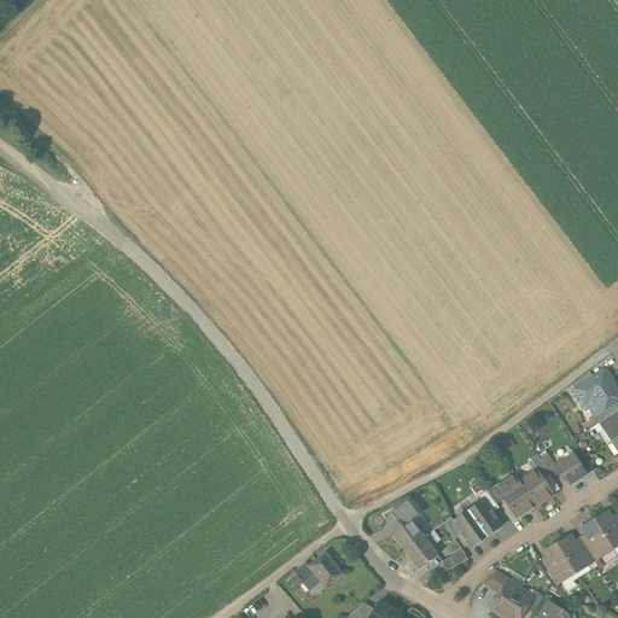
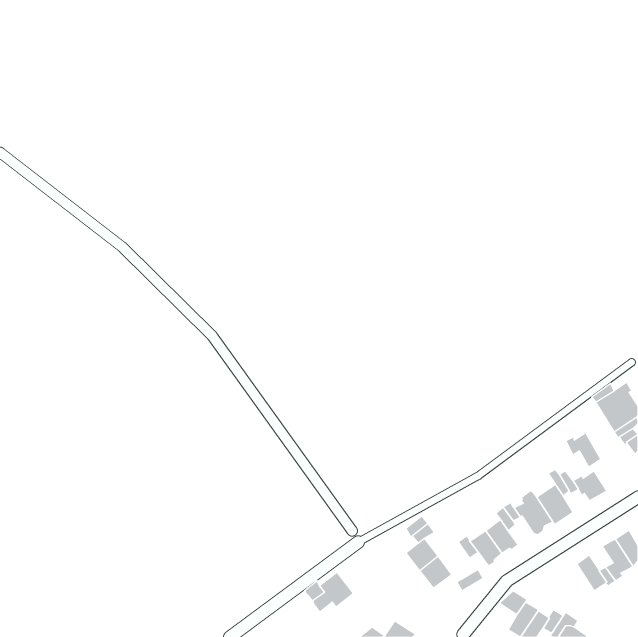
building: none -> [566,430,602,468]
building: [544,543,576,585] -> none

